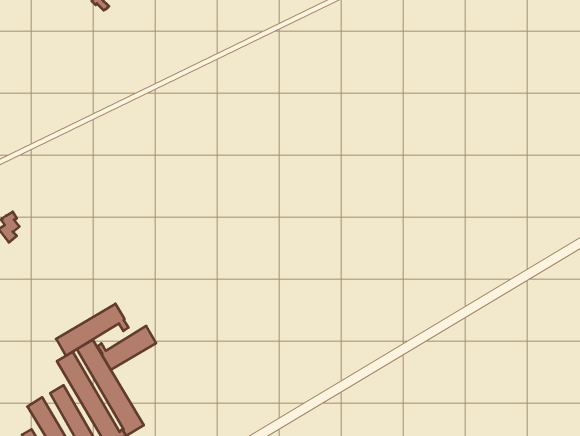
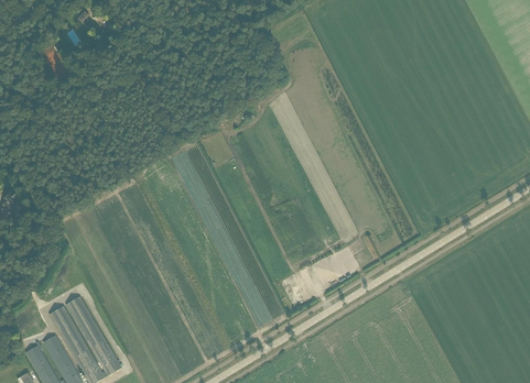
building: [56,304,128,356] -> none
building: [98,326,156,370] -> none

